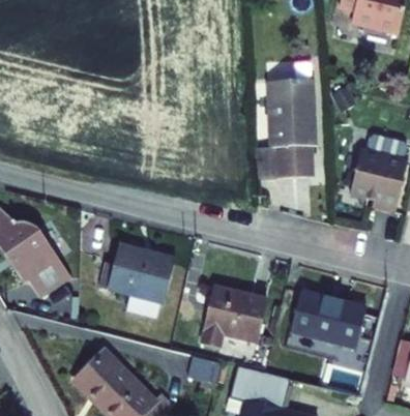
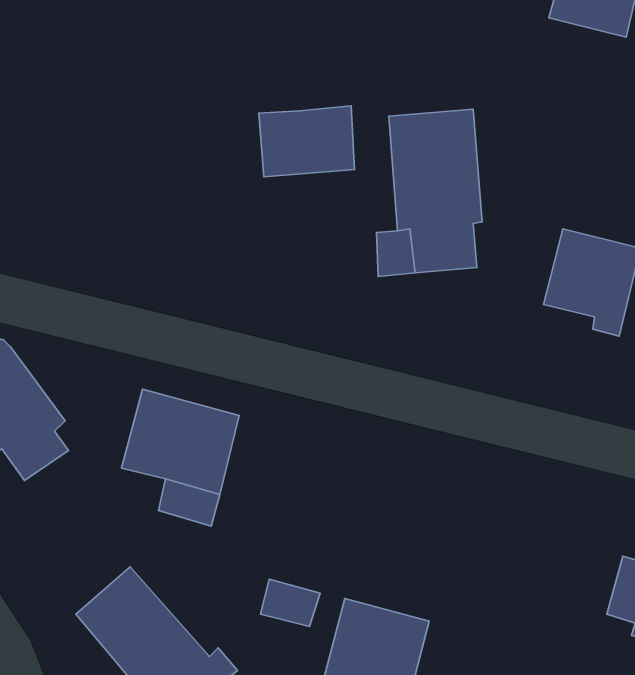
building: none -> [259,106,355,177]
building: [201,283,267,343] -> none
building: [290,290,365,348] -> none

